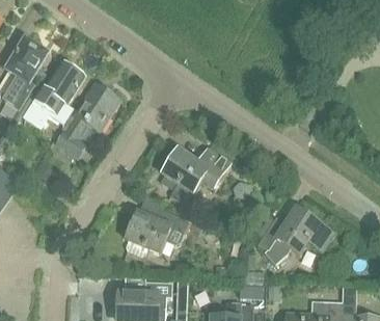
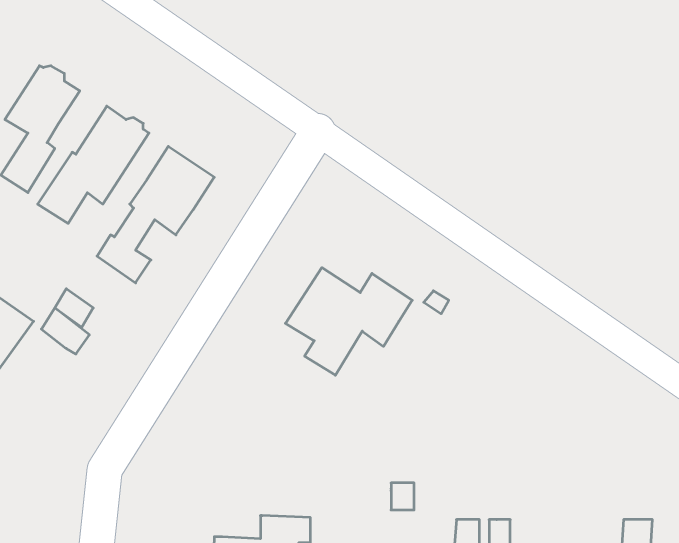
building: [257,207,333,263] -> none
building: [125,209,188,255] -> none

